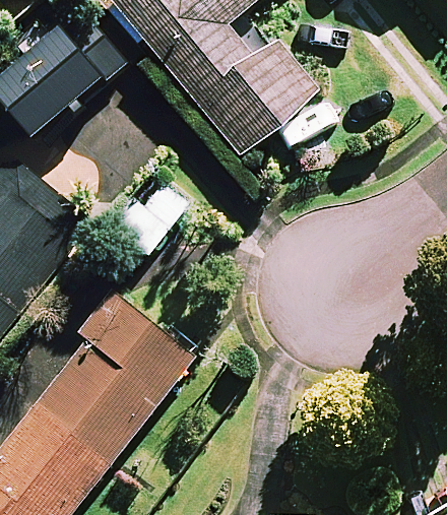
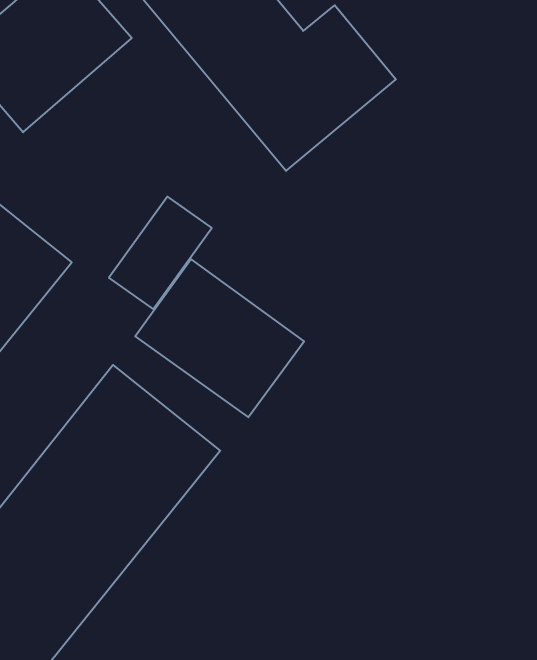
building: none -> [135,259,304,417]

